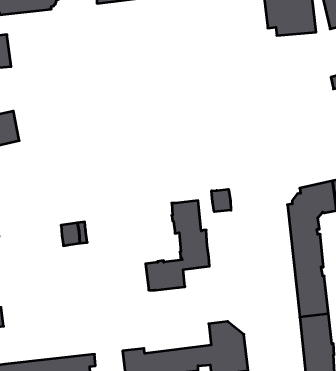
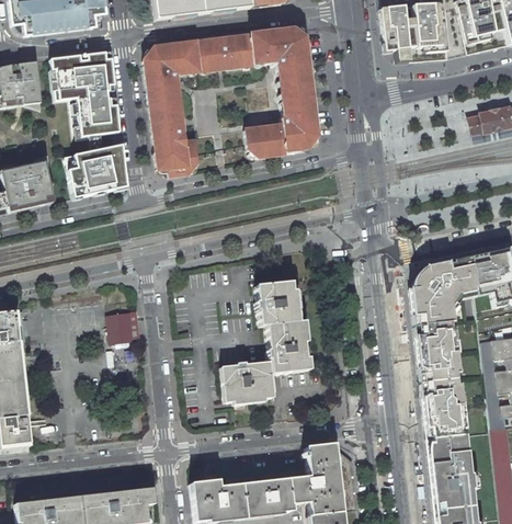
building: none -> [145,29,317,175]
building: none -> [53,52,121,136]
building: none -> [65,145,126,197]
building: [212,189,231,212] -> none

